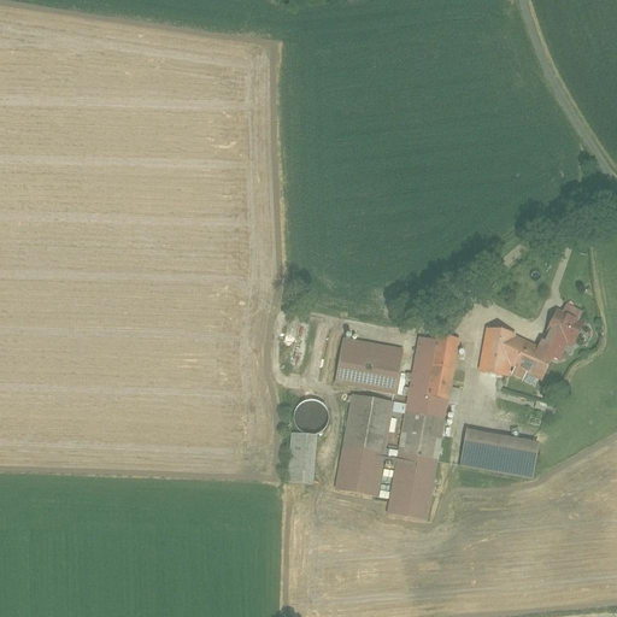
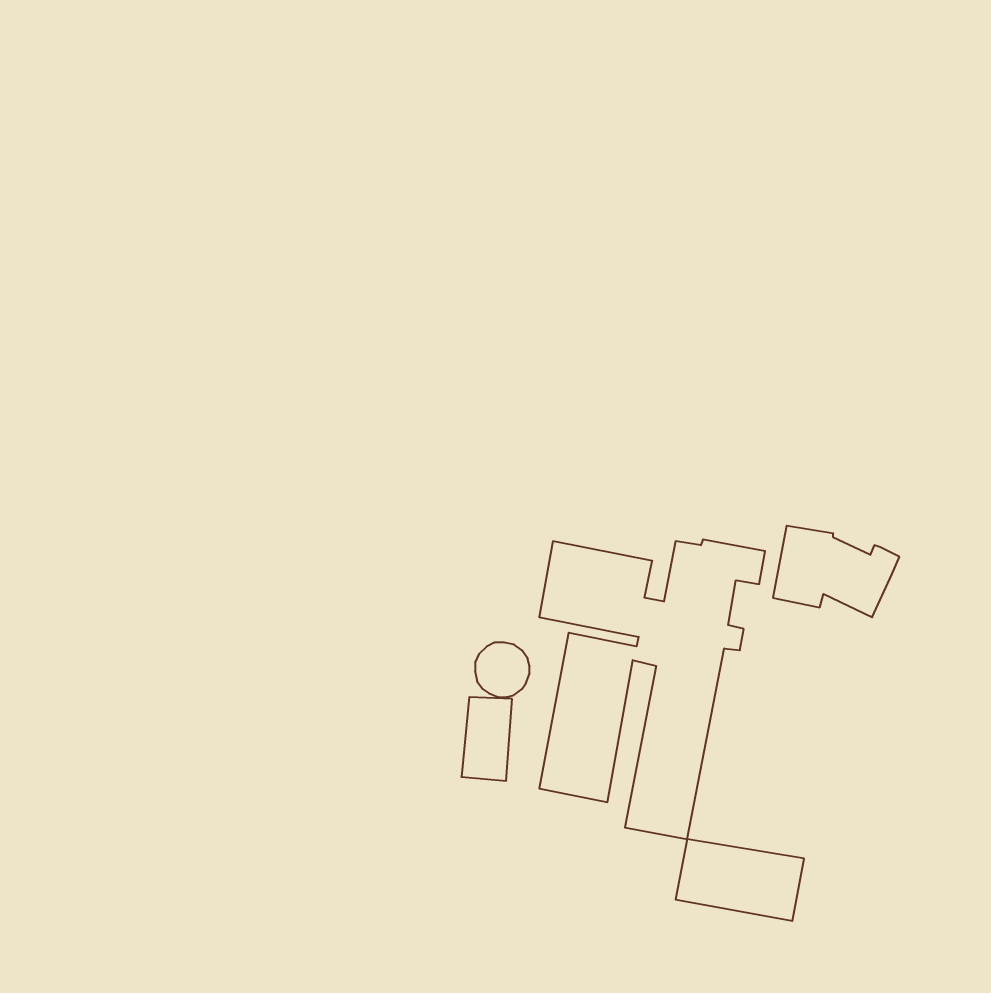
building: [545,300,584,359] -> none
building: [459,428,539,478] -> [676,839,804,921]

